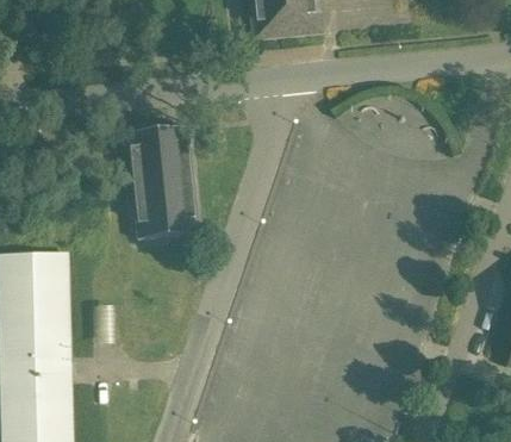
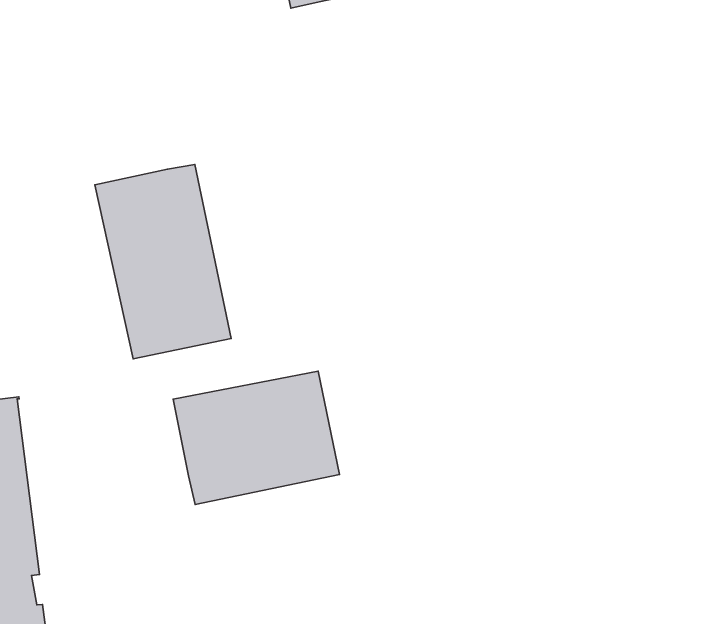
building: none -> [173,371,340,504]

